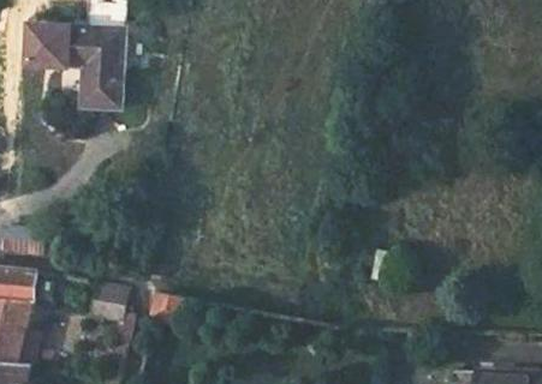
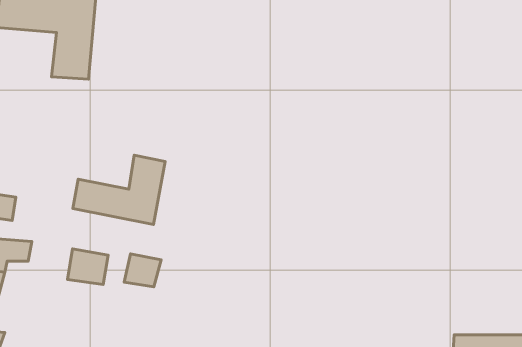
building: none -> [73,155,165,225]

